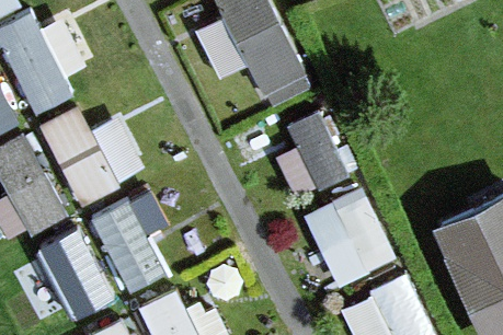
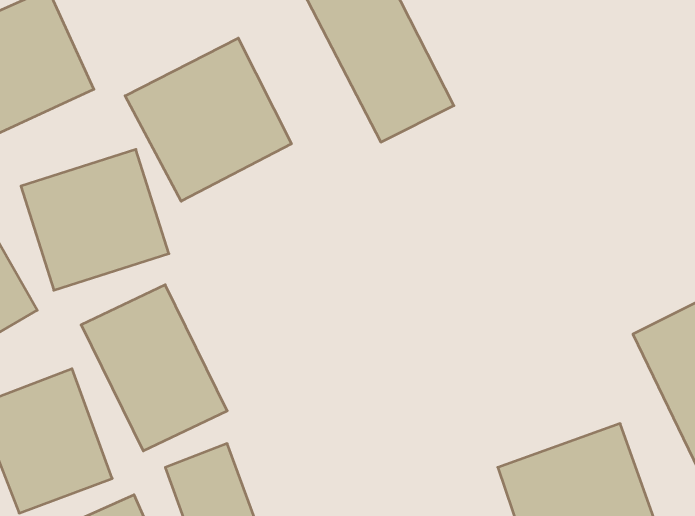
building: none -> [125,38,291,201]
building: [275,107,348,192] -> none
building: [305,185,393,282] -> none

